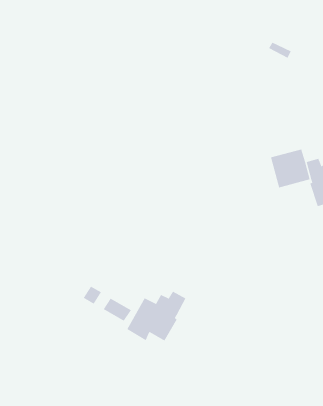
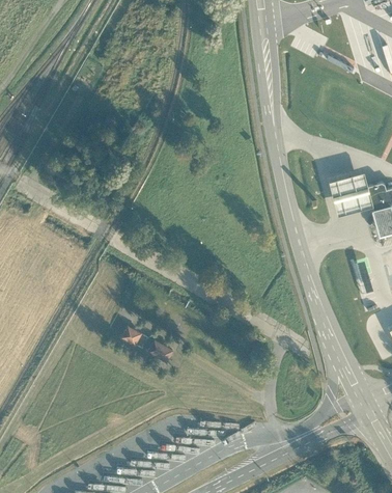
building: [126,291,186,341] -> none

